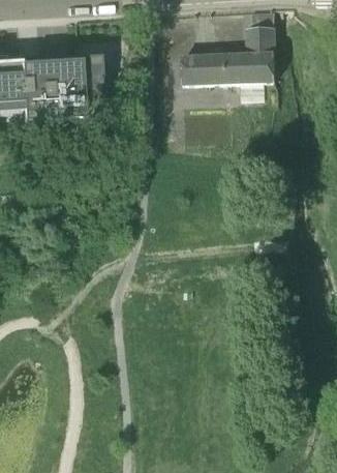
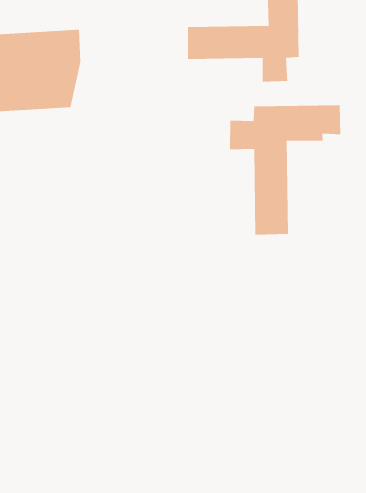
building: none -> [229,105,341,236]

